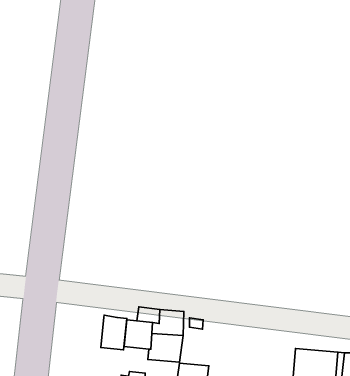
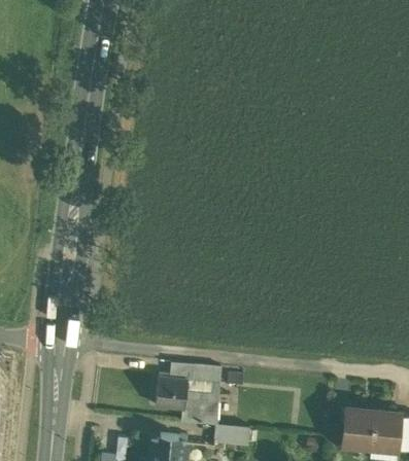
building: [101,315,127,350] -> none

